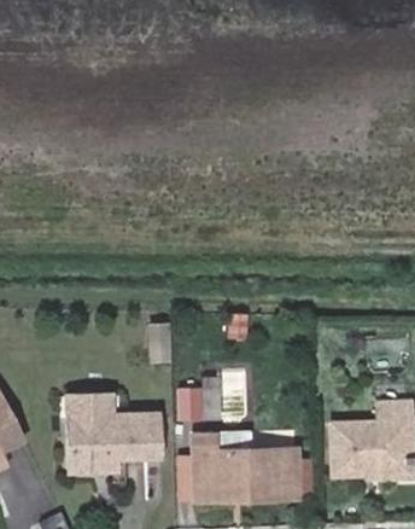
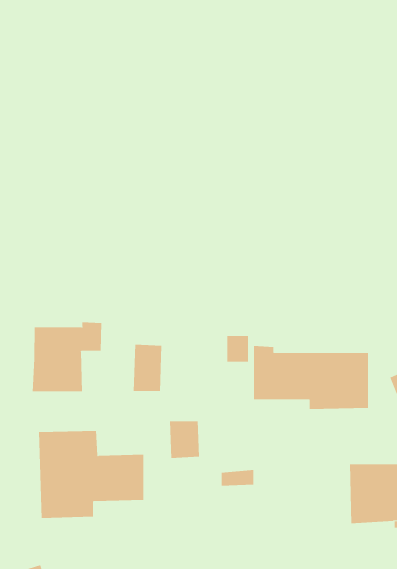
building: none -> [32,322,102,392]
building: [197,441,297,496] -> [253,345,369,410]

